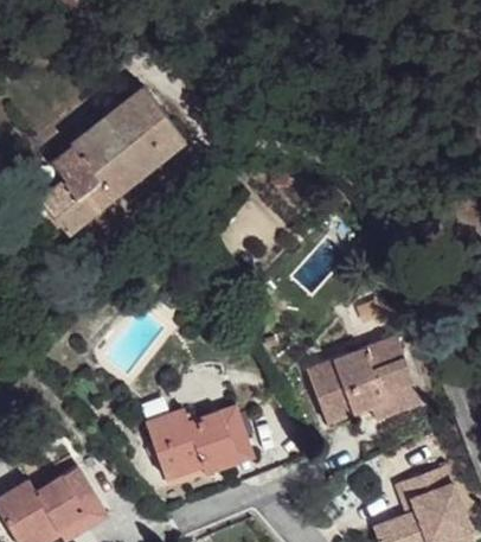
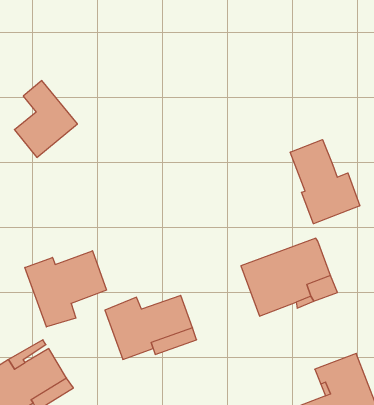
building: [70,89,184,197] -> none
building: none -> [290,140,360,224]
building: none -> [25,251,106,327]

